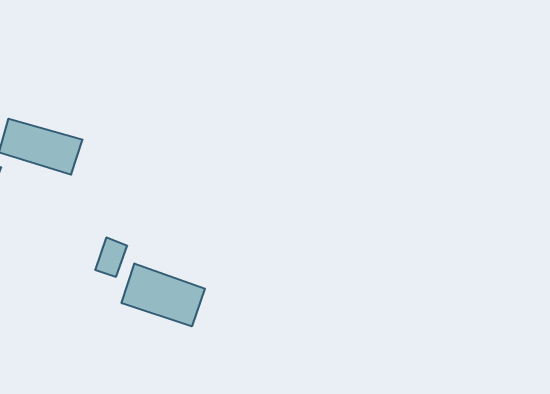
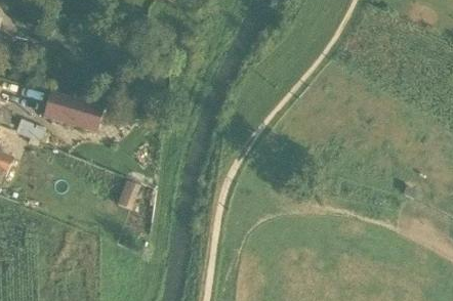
building: [122,263,205,326] -> none

